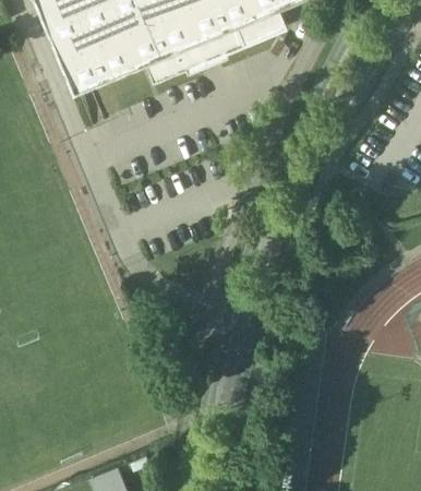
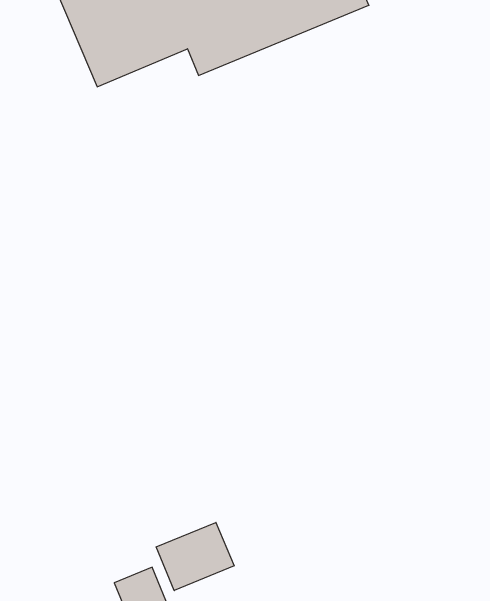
building: none -> [156,522,234,591]

